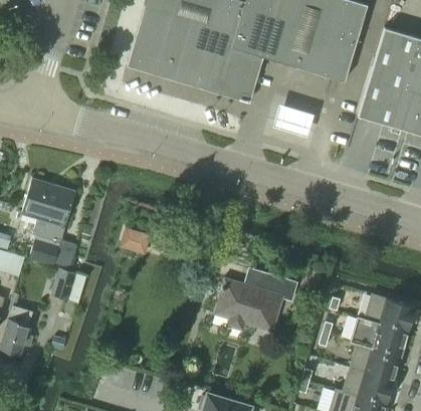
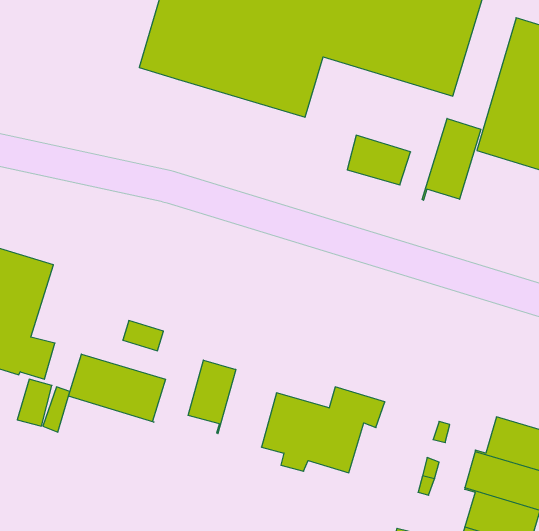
building: none -> [422,118,481,200]
building: none -> [69,354,165,422]
building: none -> [188,360,236,434]

